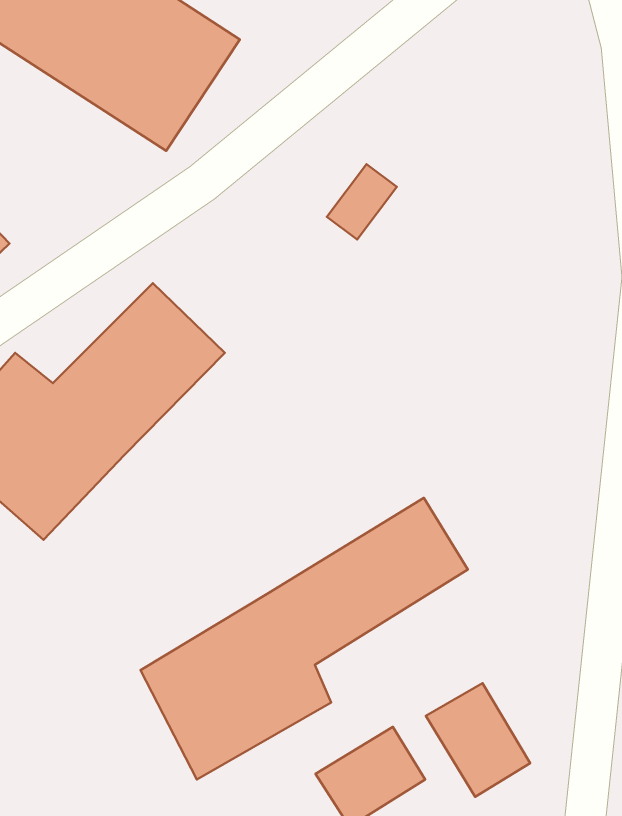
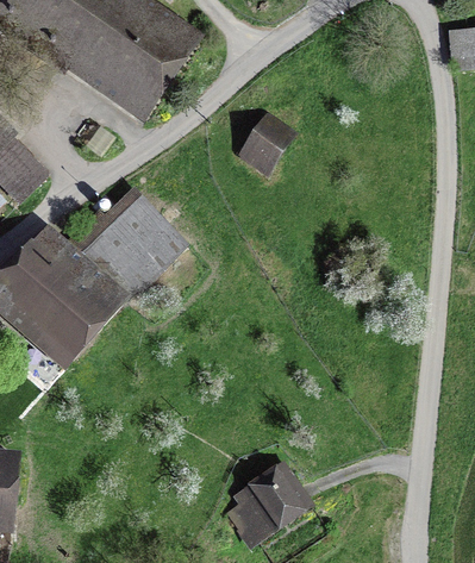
building: [141,498,468,780] -> none
building: [426,683,530,797] -> none

